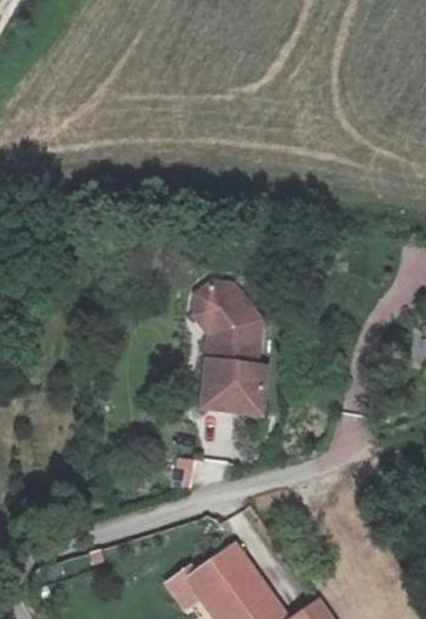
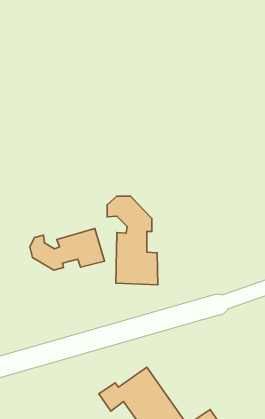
building: none -> [30,228,105,270]

